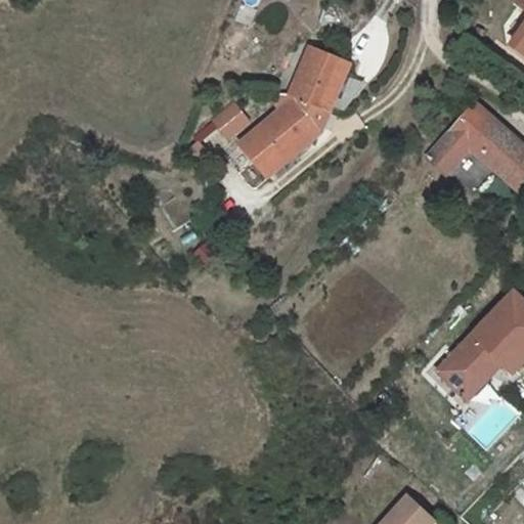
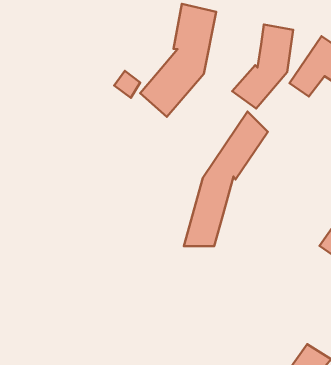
building: none -> [232,24,293,109]
building: none -> [184,112,268,246]

